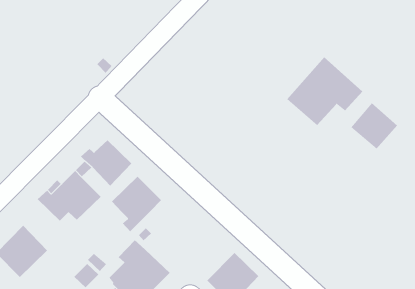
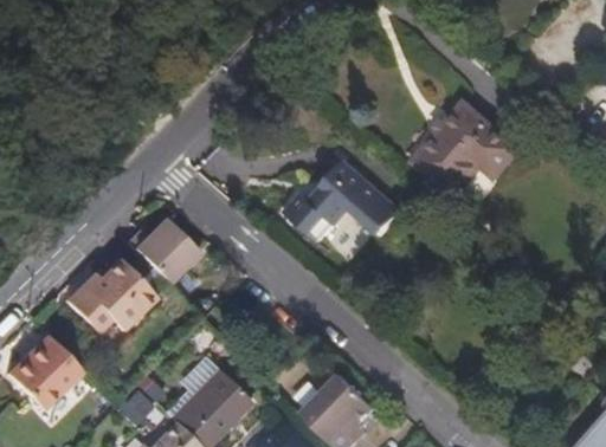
building: none -> [286,162,402,242]
building: [351,103,398,150] -> none
building: [111,176,162,232] -> none

